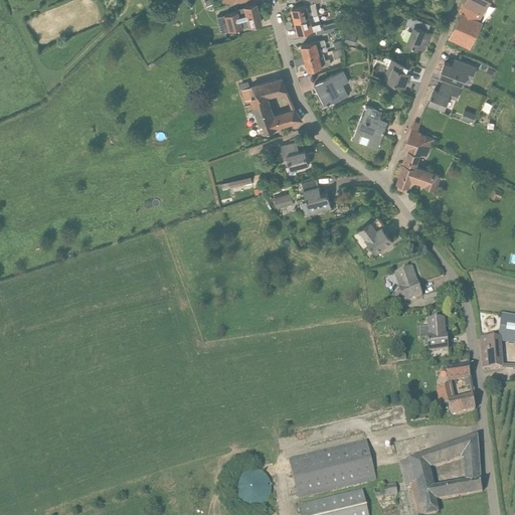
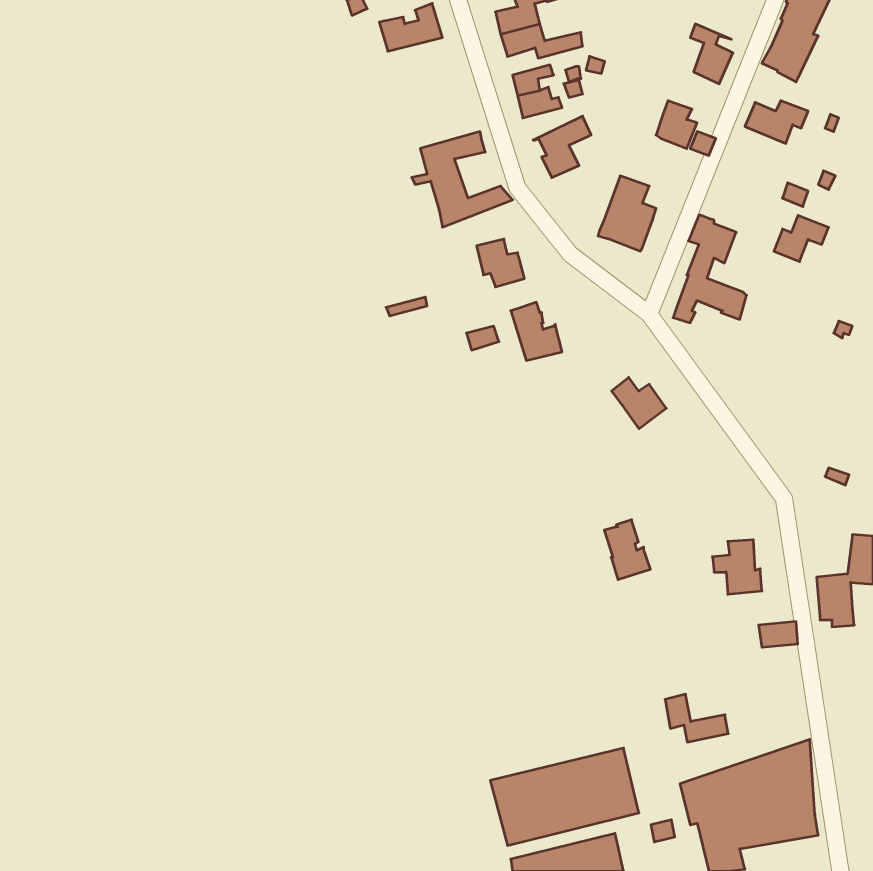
building: [428,80,461,108] -> [774,215,829,262]
building: [395,267,422,302] -> [604,520,650,580]
building: [438,386,475,414] -> [665,694,728,742]
building: [238,472,272,504] -> none

